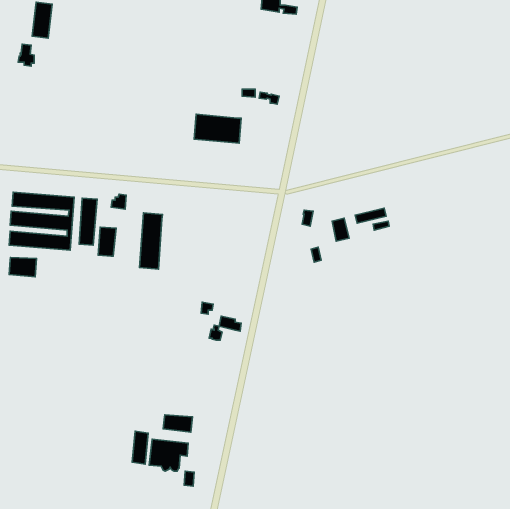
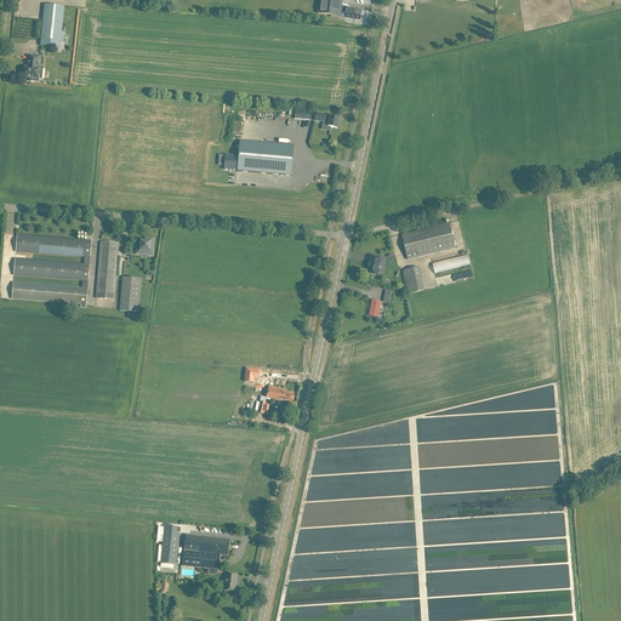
building: none -> [400,221,454,257]
building: [139,213,162,269] -> none
building: [9,257,37,277] -> none
building: [163,415,193,432] -> none

